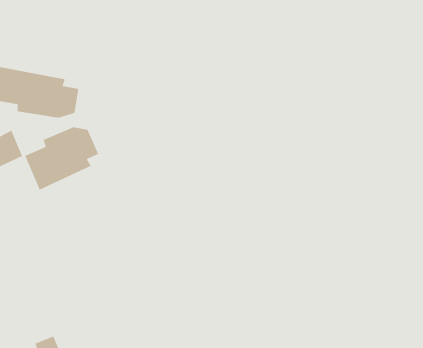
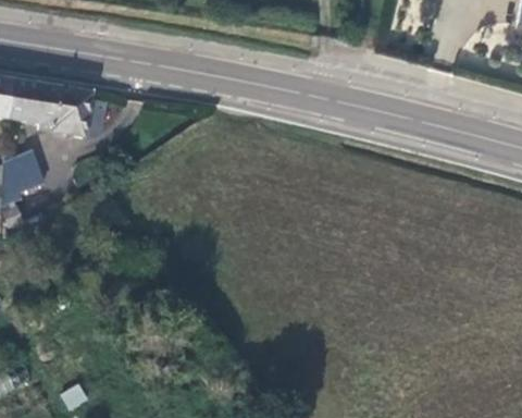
building: [25,127,99,190] -> none

